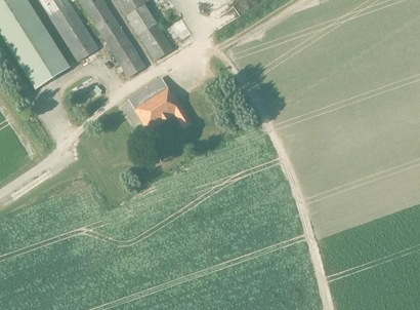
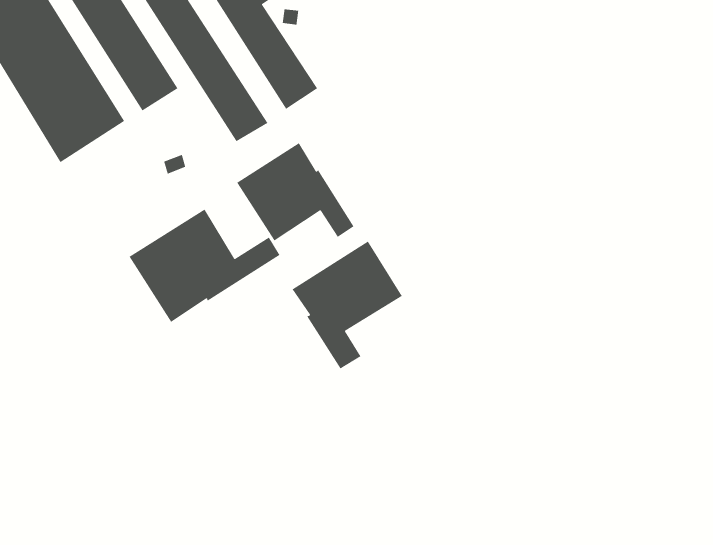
building: none -> [129,209,280,323]
building: none -> [291,240,403,370]

